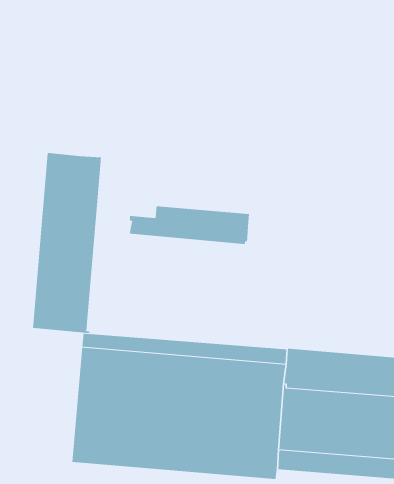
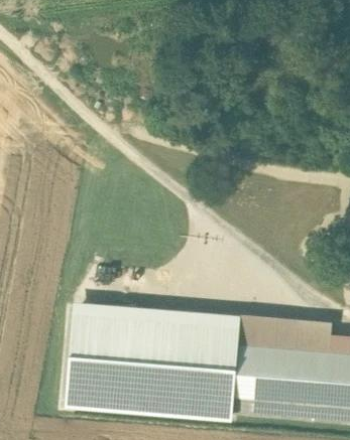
building: [32,152,101,334] -> none
building: [129,206,250,245] -> none

